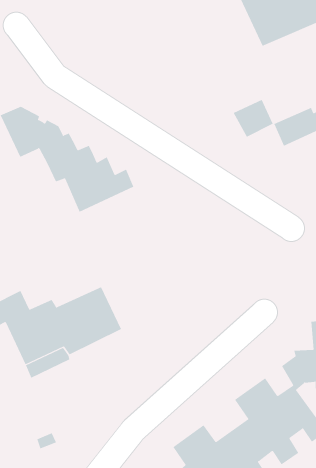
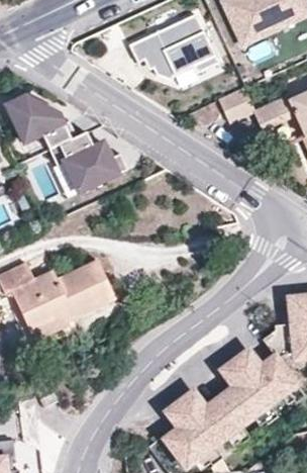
building: none -> [130,16,220,83]

